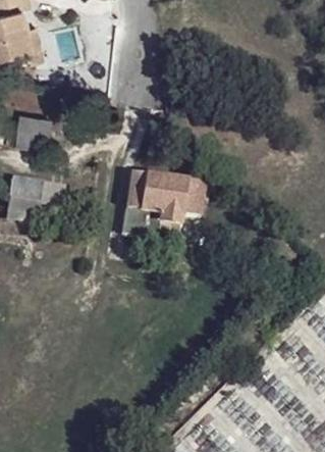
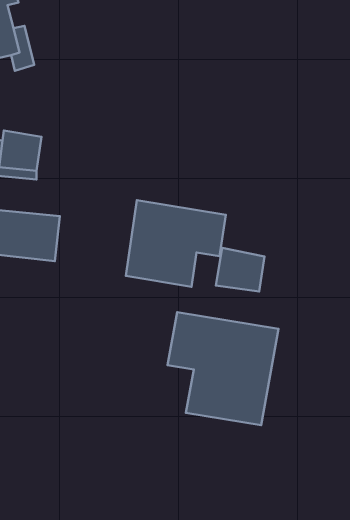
building: none -> [216,248,264,291]
building: none -> [168,312,279,425]

